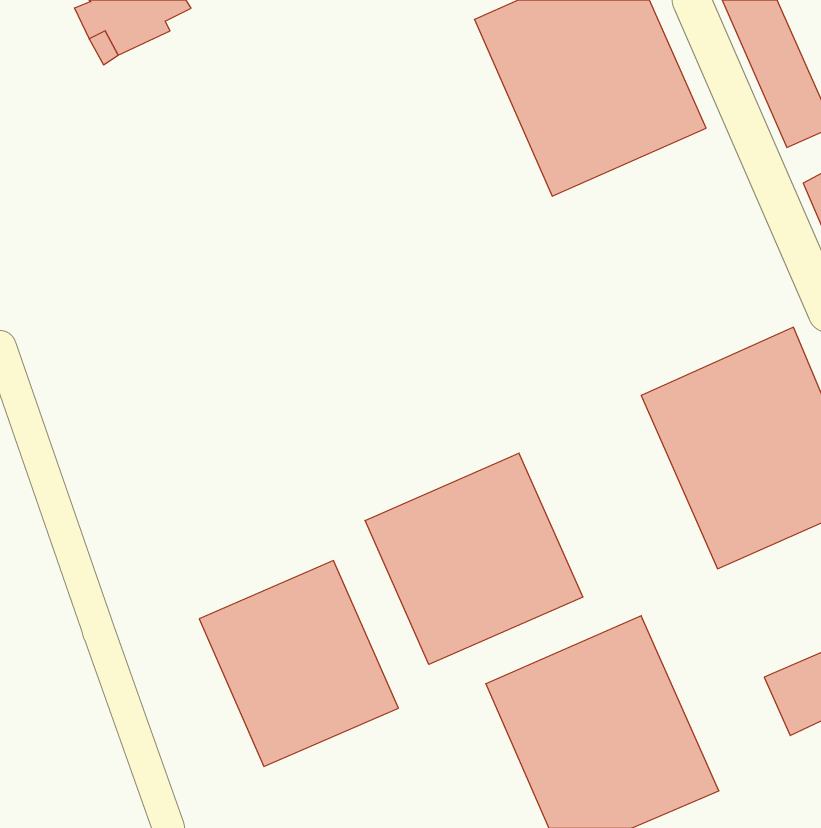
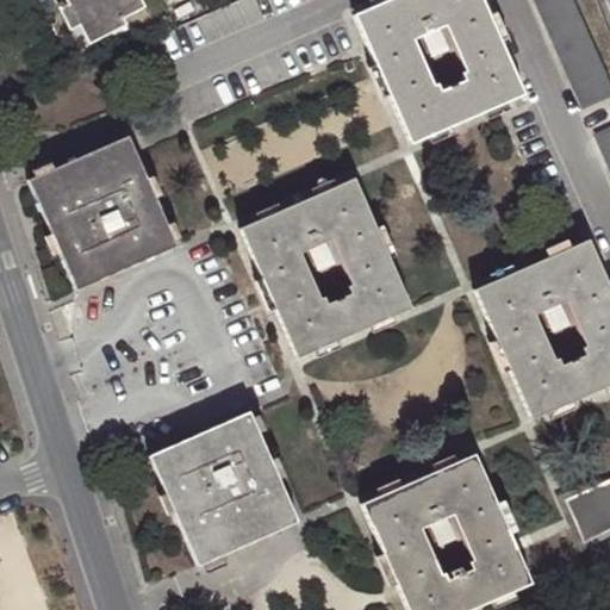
building: none -> [31,136,178,288]
building: none -> [242,179,412,356]
building: [365,453,583,664] -> none

